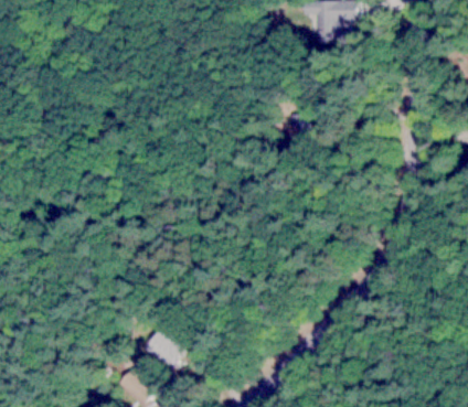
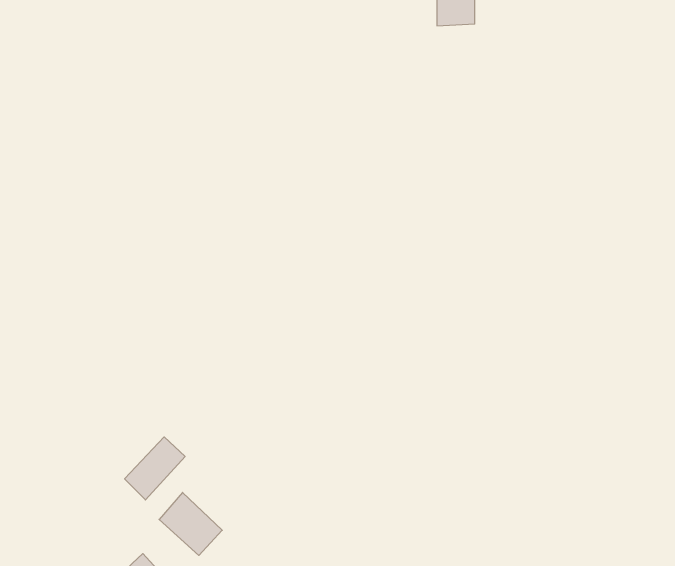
building: none -> [125,437,185,500]

